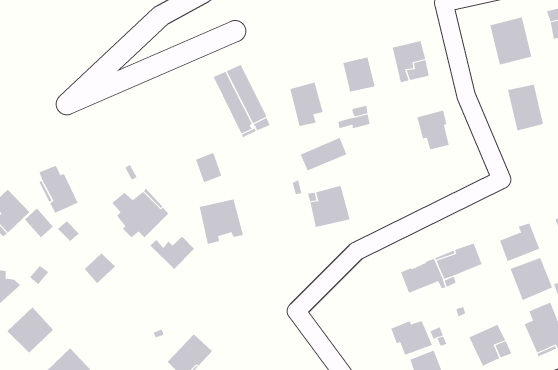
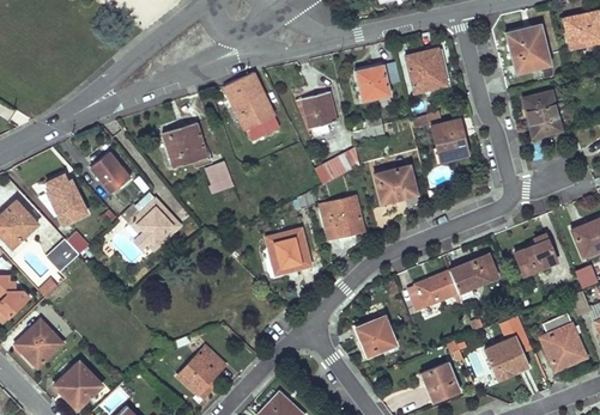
building: none -> [165,123,207,167]
building: none -> [91,153,129,193]
building: none -> [374,166,416,203]
building: [199,199,244,245] -> [266,228,311,275]
building: [150,236,195,270] -> none
building: [84,253,116,284] -> [47,239,79,271]
building: [510,257,553,301] -> none
building: [390,320,433,356] -> [353,319,396,355]

